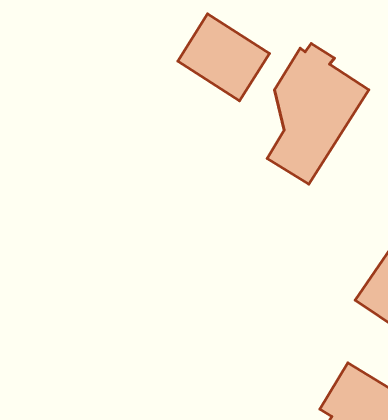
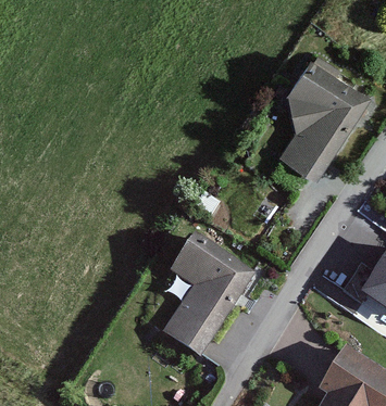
building: [178,14,269,101] -> none
building: none -> [165,231,257,356]

